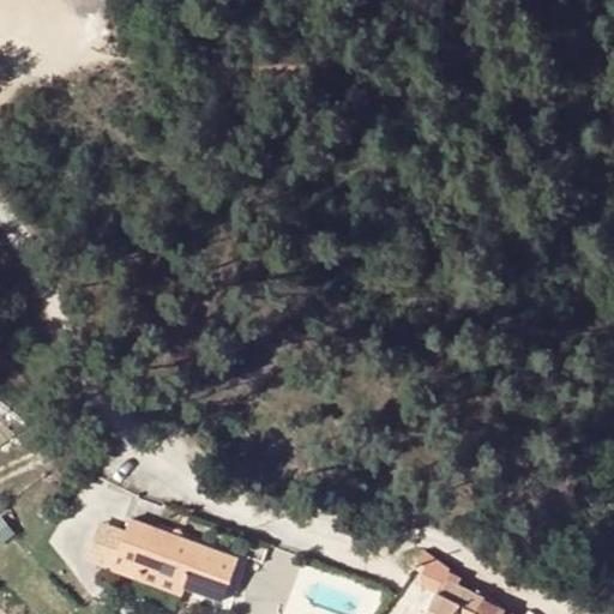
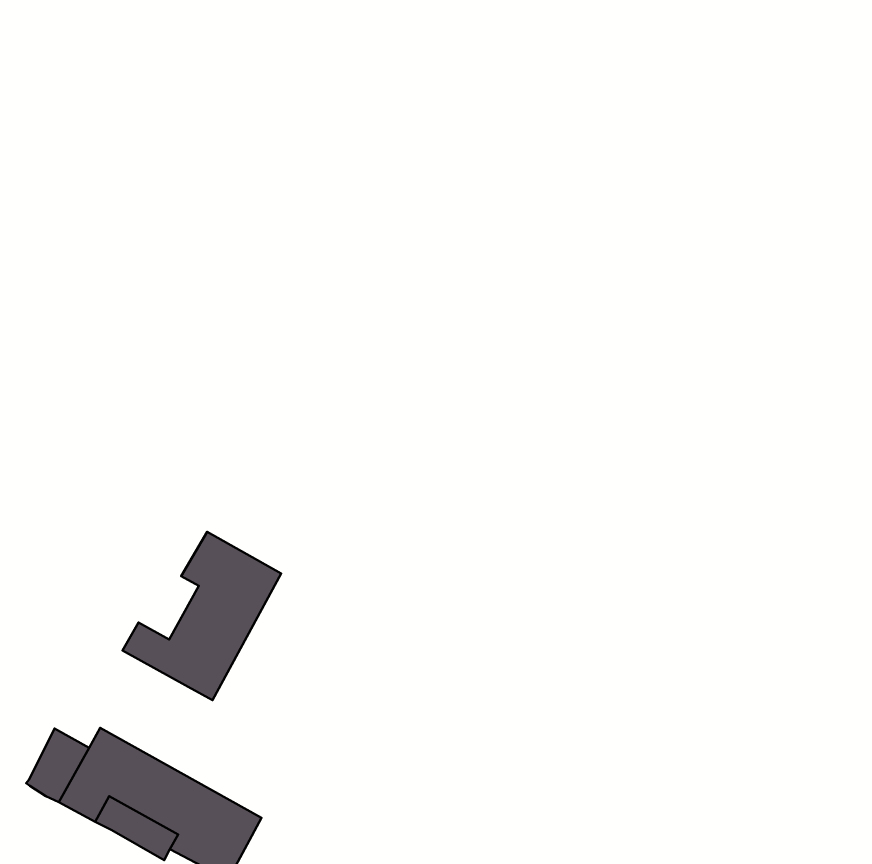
building: none -> [122,532,281,700]

